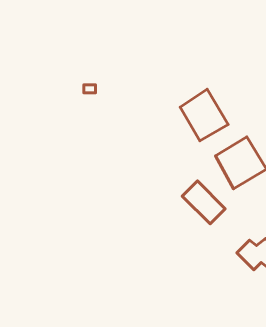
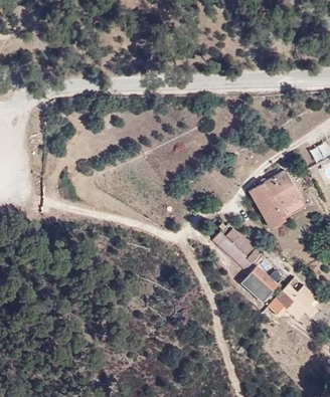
building: [180,89,228,141] -> none
building: none -> [242,265,278,302]

